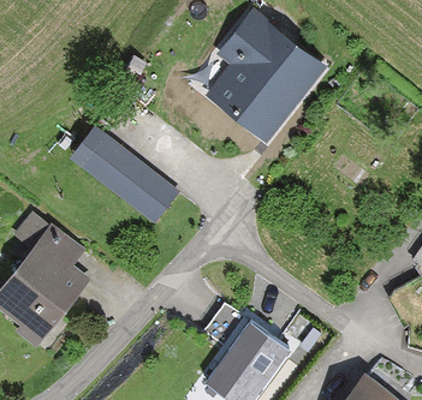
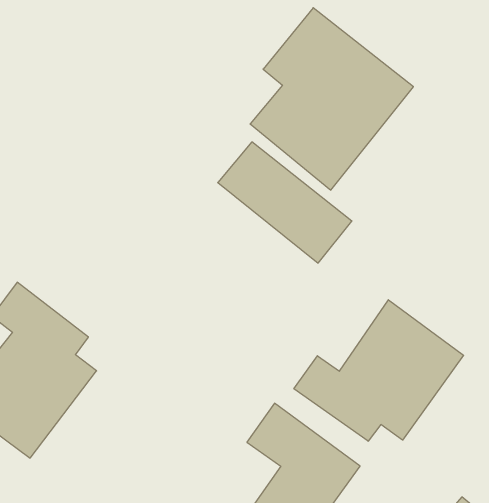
building: [79,135,179,225] -> [218,142,352,263]
building: none -> [294,300,464,441]

